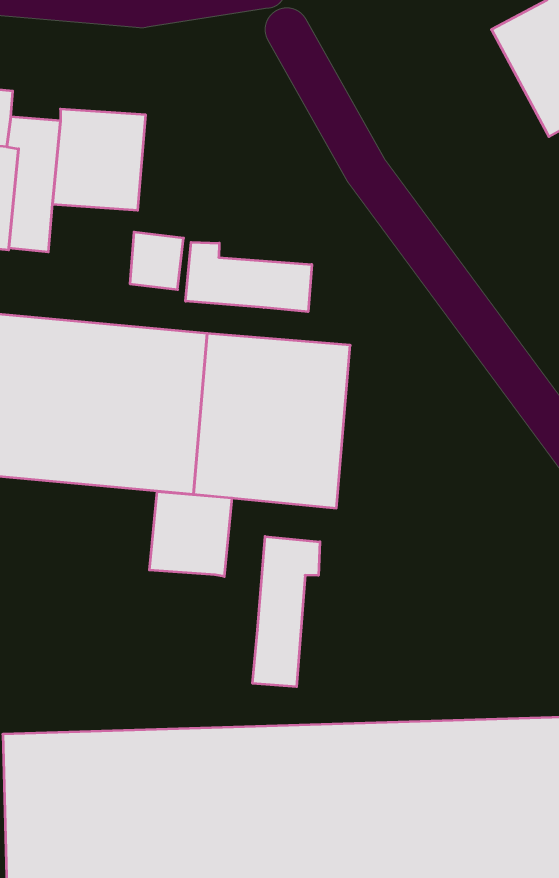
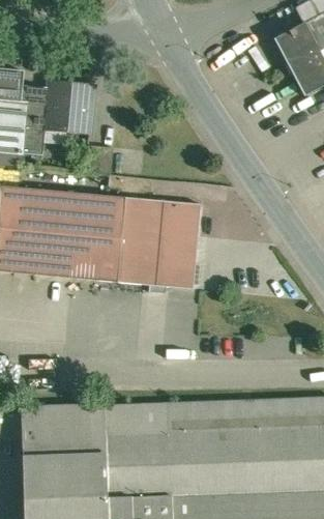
building: [186,242,312,312] -> none
building: [149,491,232,577] -> none
building: [253,536,320,687] -> none

